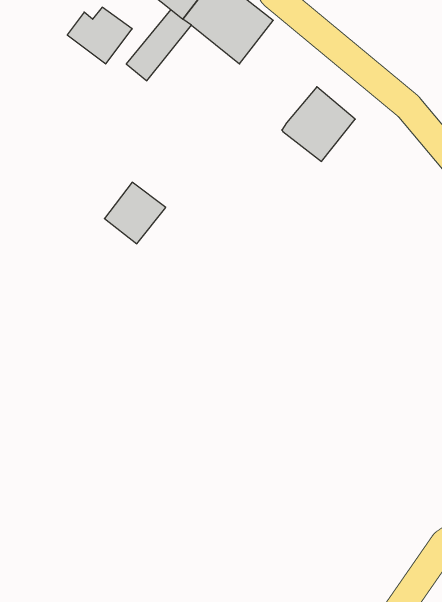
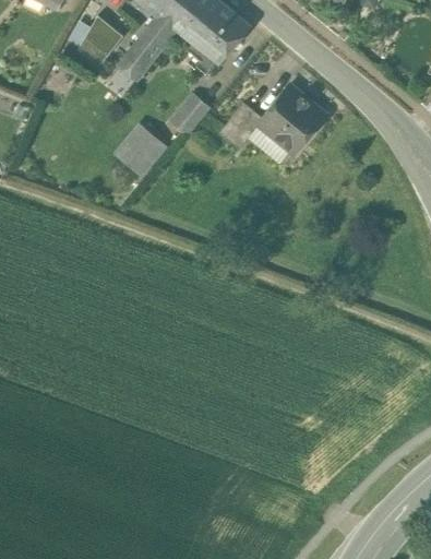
building: none -> [169,91,211,135]
building: none -> [219,103,263,150]
building: [104,182,166,244] -> [111,120,167,176]

